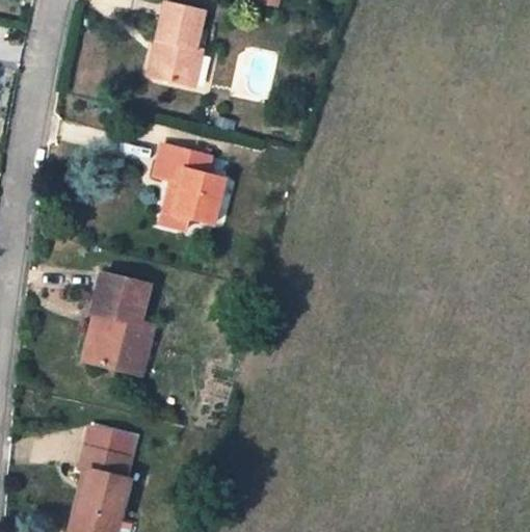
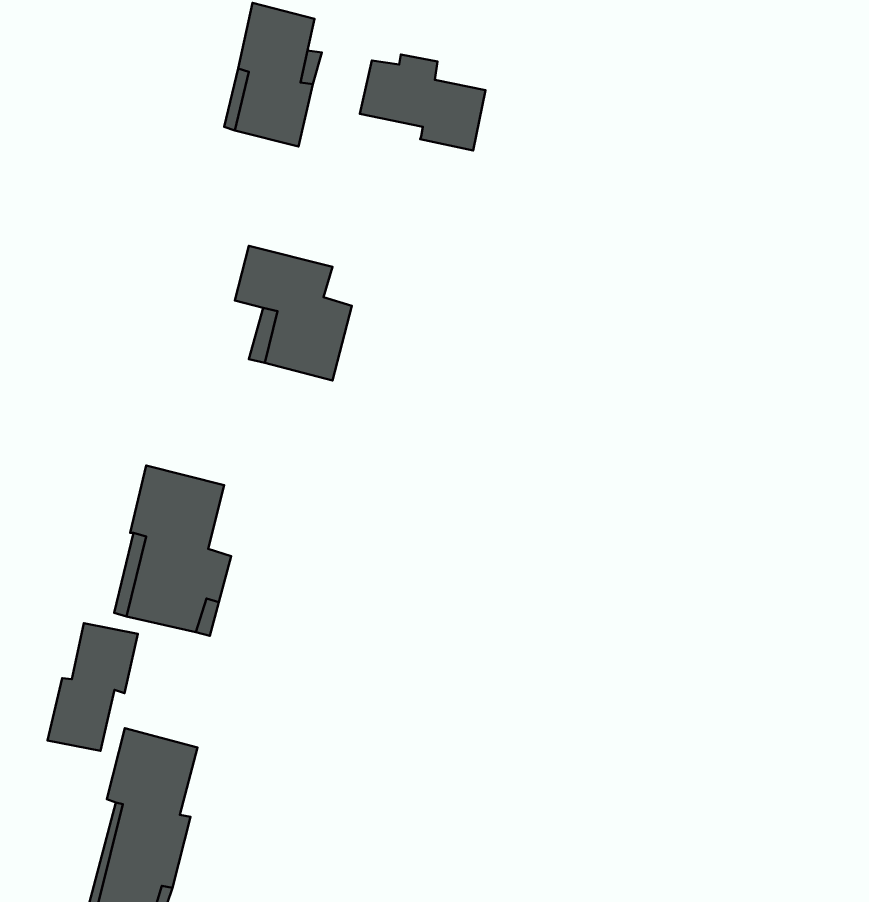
building: none -> [360,55,485,150]
building: none -> [48,623,138,751]

